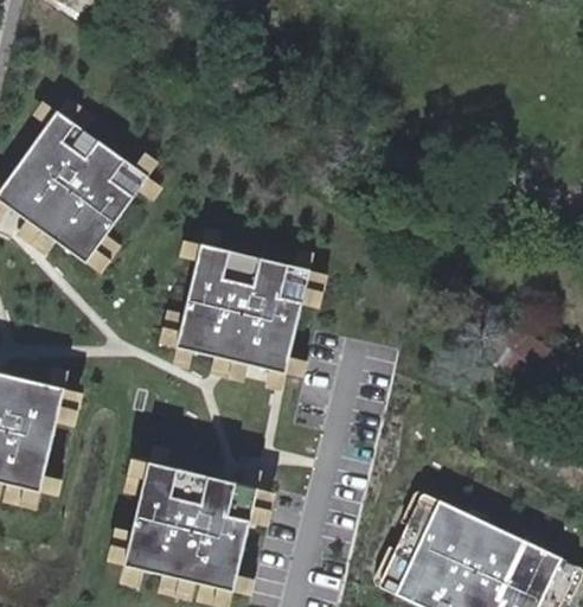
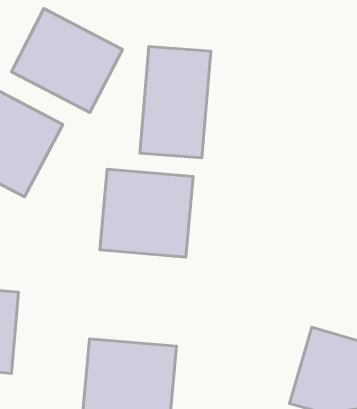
building: none -> [11,8,122,113]
building: none -> [140,46,211,158]

